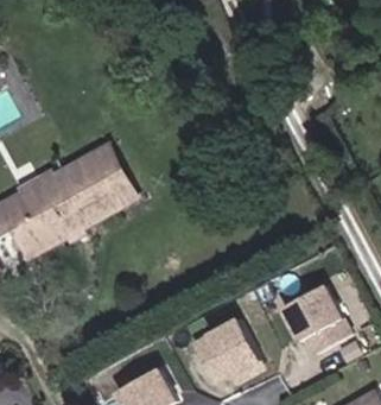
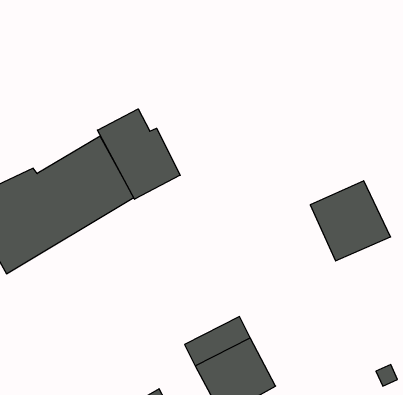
building: none -> [97,109,180,199]
building: [282,284,354,355] -> [310,181,391,261]

